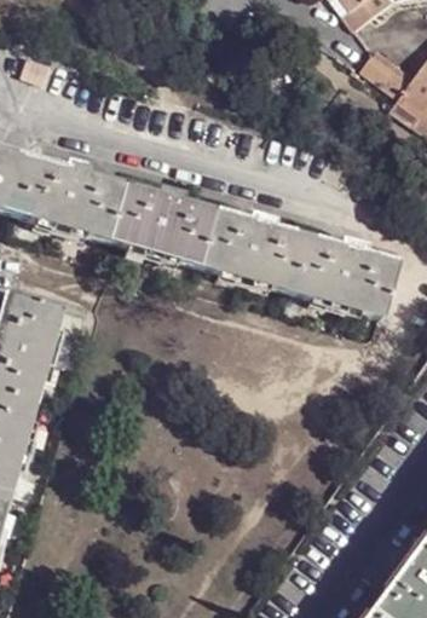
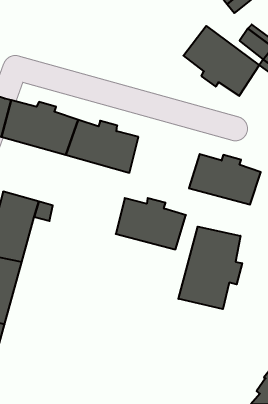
building: none -> [183,26,259,96]
building: [197,210,301,287] -> [116,198,186,249]
building: none -> [178,227,242,309]

